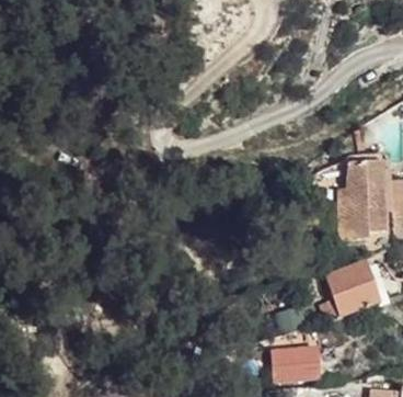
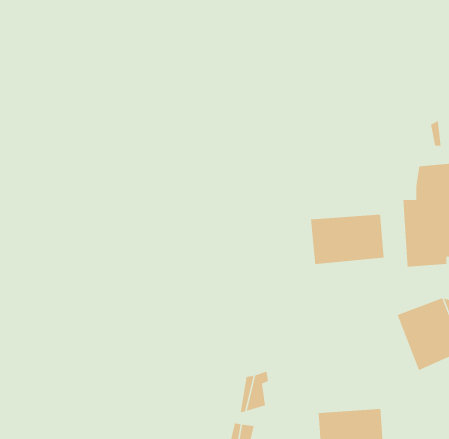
building: none -> [311,214,384,265]

